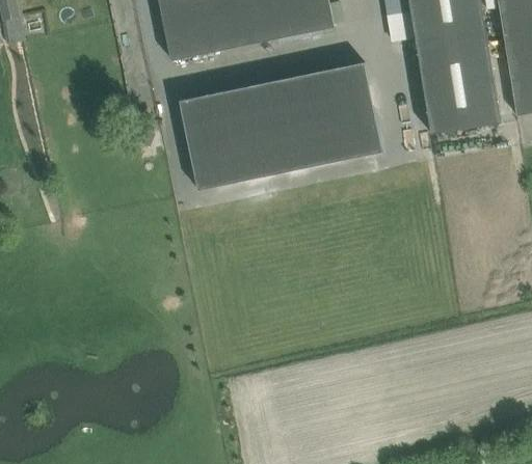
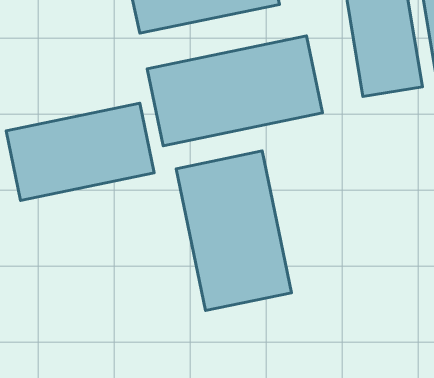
building: none -> [6,103,154,201]
building: none -> [176,151,292,311]

